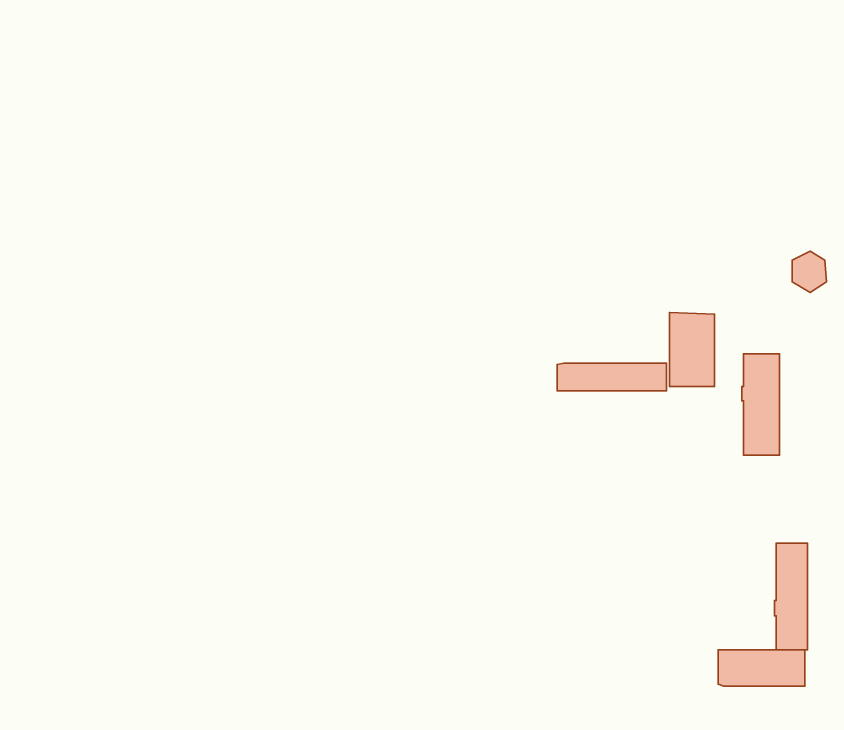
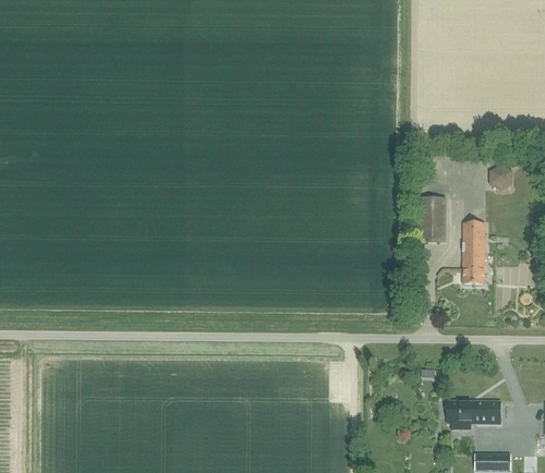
building: [557,363,666,391] -> none
building: [775,543,808,650] -> none

